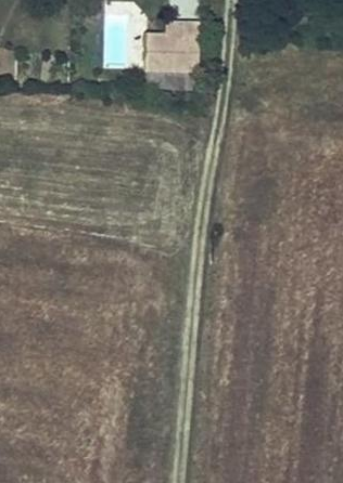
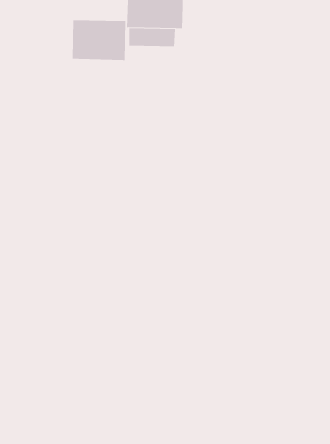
building: none -> [72,19,126,61]

